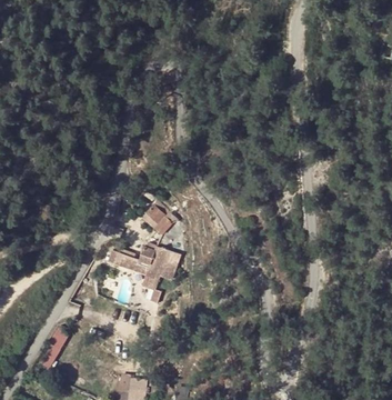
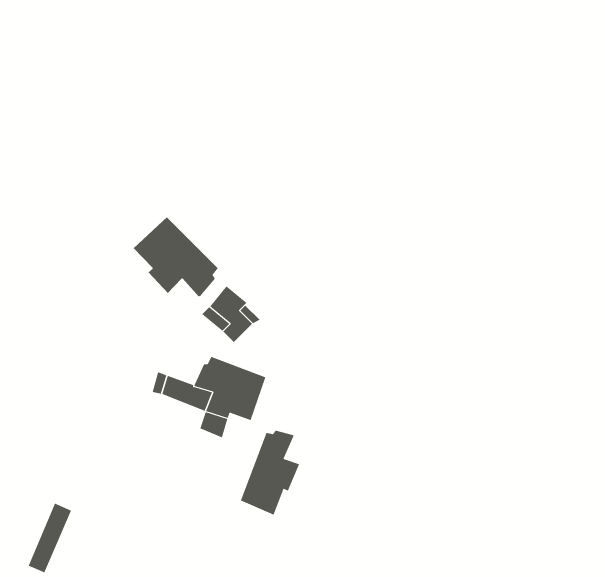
building: none -> [133,217,219,297]
building: none -> [240,430,300,515]

